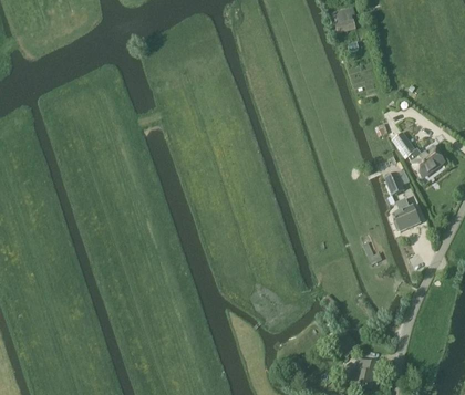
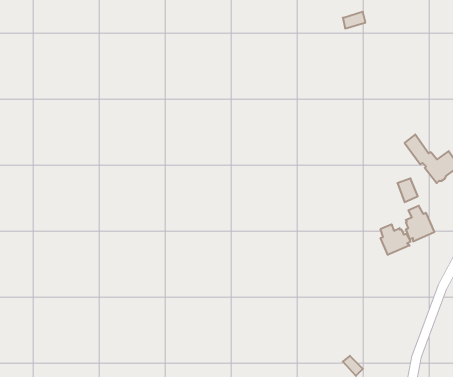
building: none -> [381,224,410,255]

